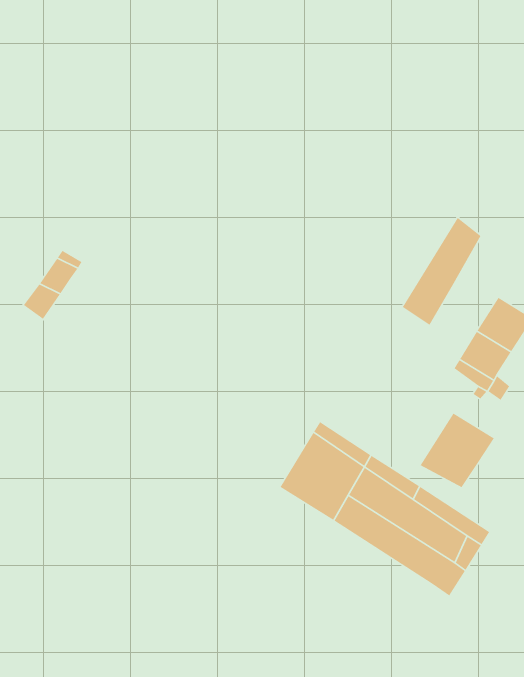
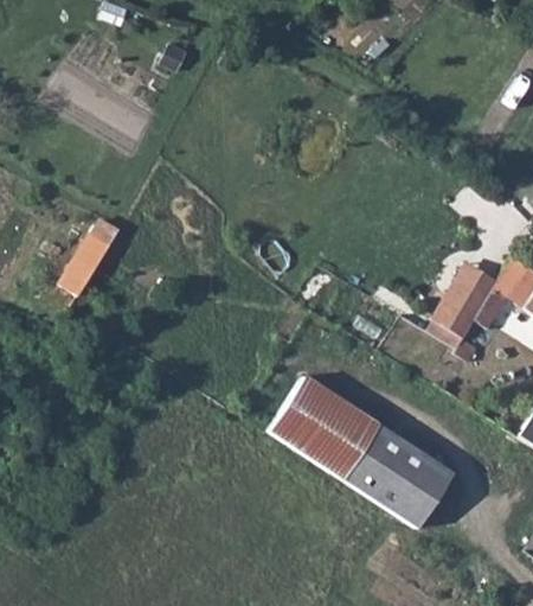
building: [402,217,481,326] -> none
building: [420,413,495,488] -> none

